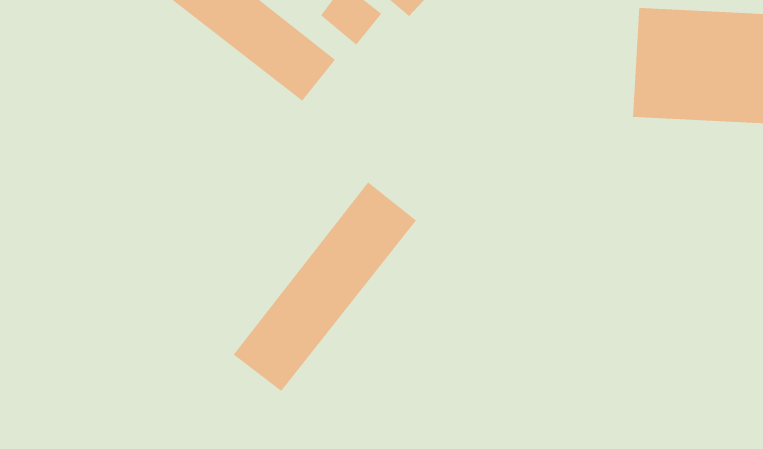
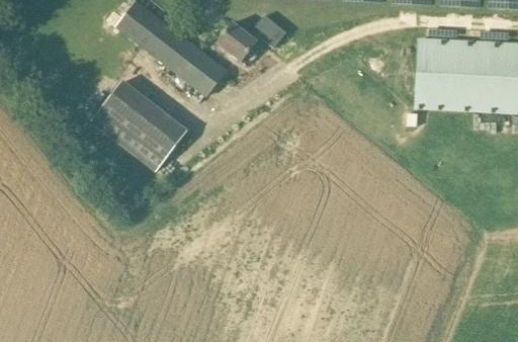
building: none -> [90,79,187,171]
building: [233,182,417,392] -> none

